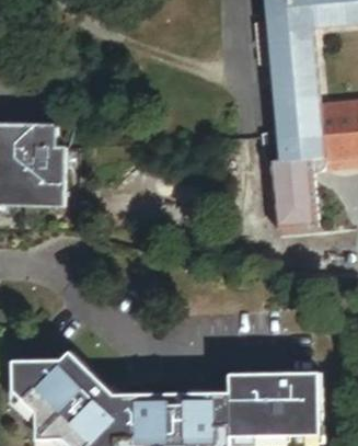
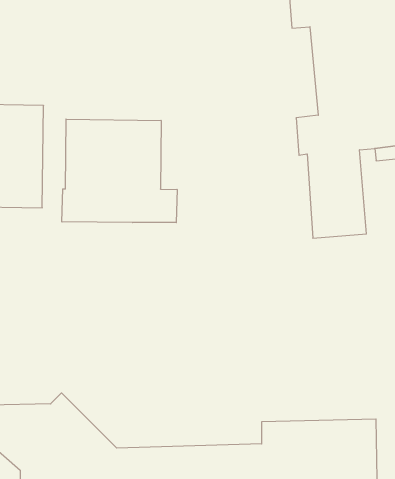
building: none -> [62,119,177,223]

